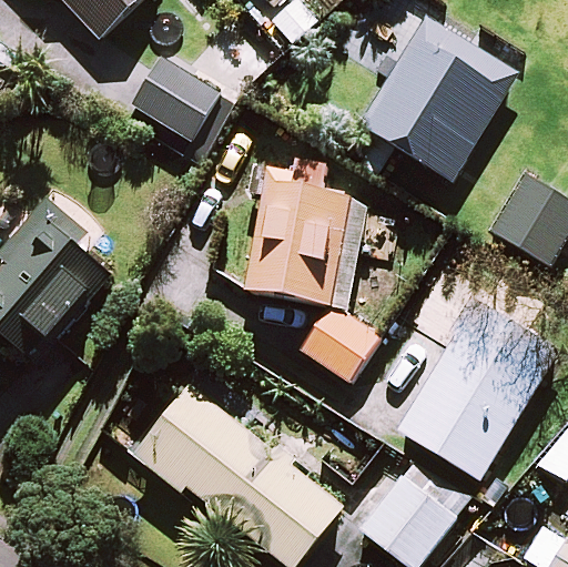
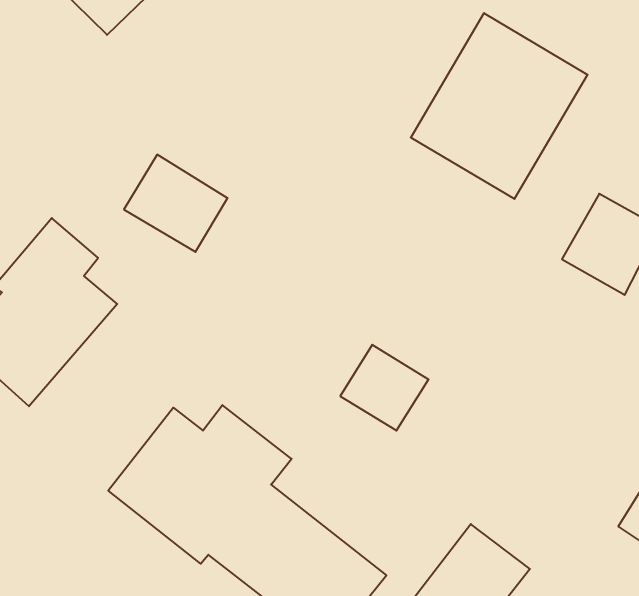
building: [133,59,223,143] -> [124,155,228,252]
building: [244,159,366,306] -> none
building: [399,313,550,478] -> none

